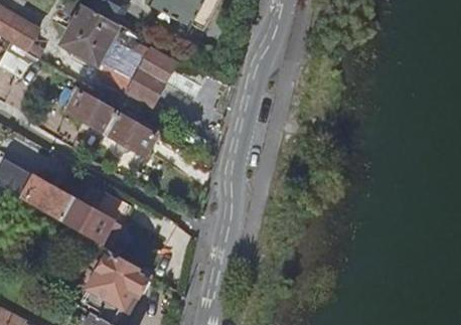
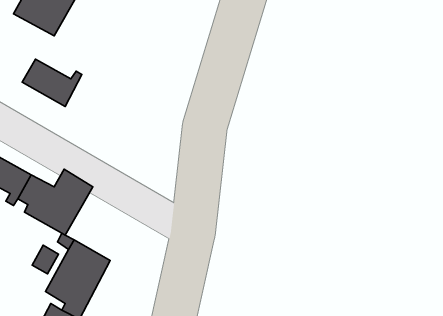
building: [109,44,206,110] -> none
building: [106,103,156,154] -> none

